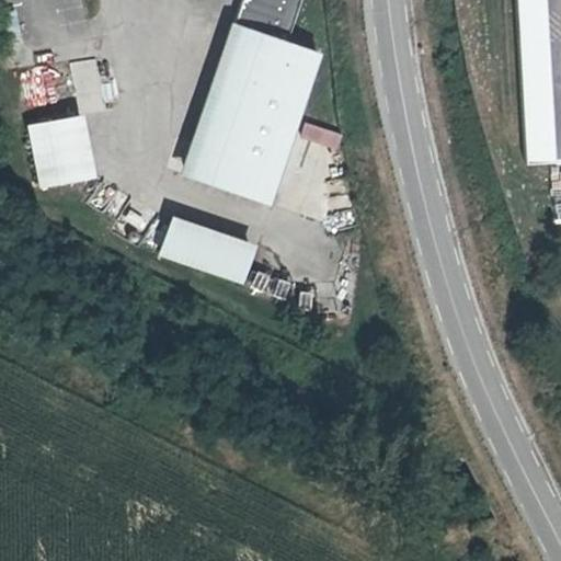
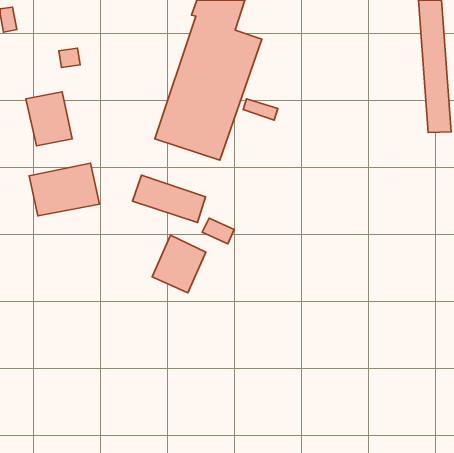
building: none -> [29,163,100,216]
building: none -> [152,235,206,293]

